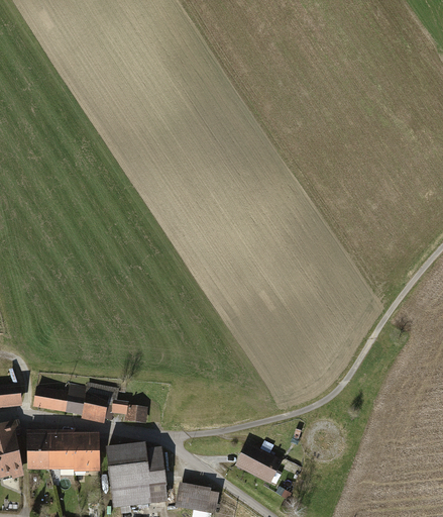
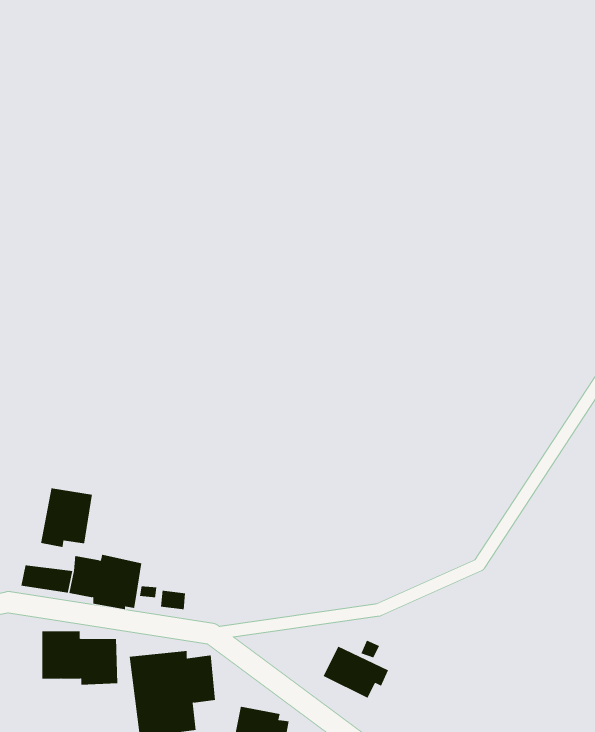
building: none -> [41,488,92,548]
building: [28,435,48,468] -> none

